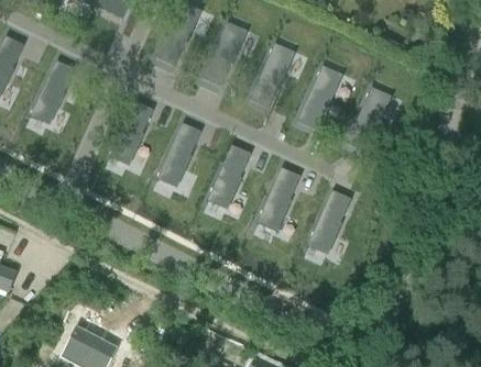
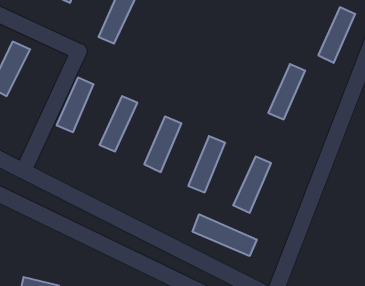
building: [203,22,245,85] -> none
building: [251,43,292,105] -> none
building: [298,66,340,129] -> [318,7,355,63]
building: none -> [193,214,257,256]

